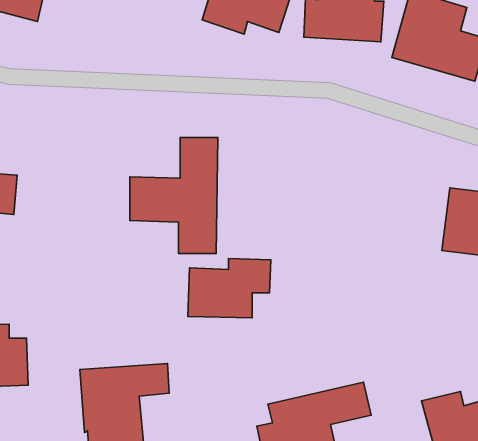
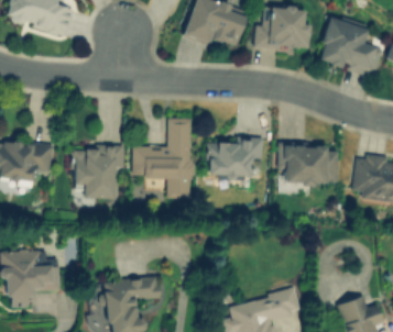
building: none -> [73,144,124,198]
building: none -> [280,144,338,186]
building: [188,258,271,318] -> [206,135,264,177]

